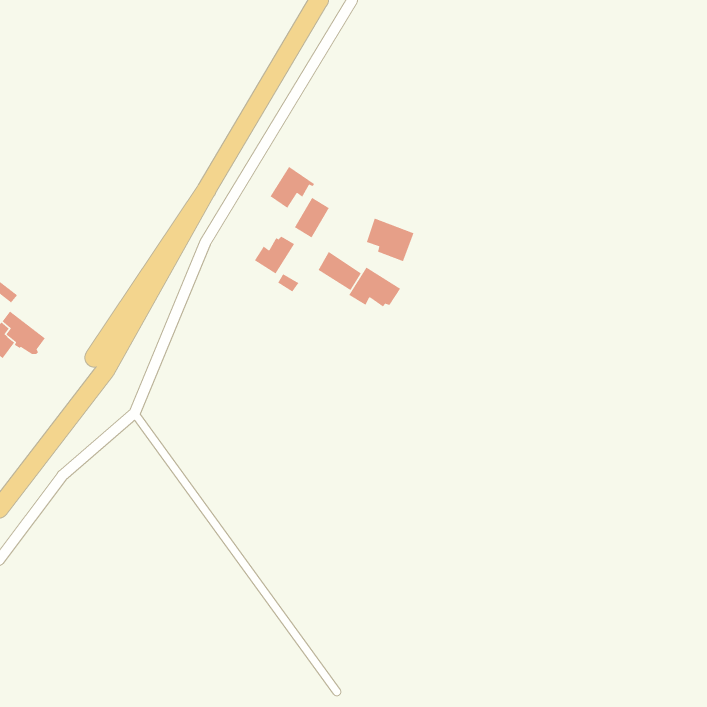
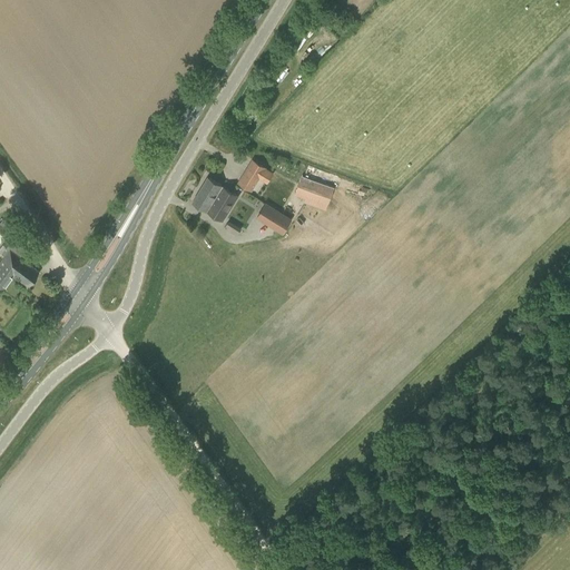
building: [269,166,315,209] -> [189,176,226,210]
building: [348,267,401,308] -> none

